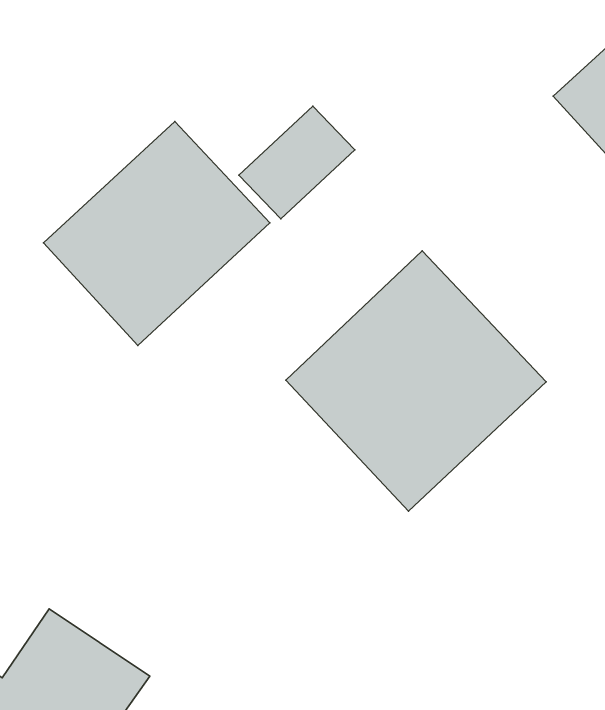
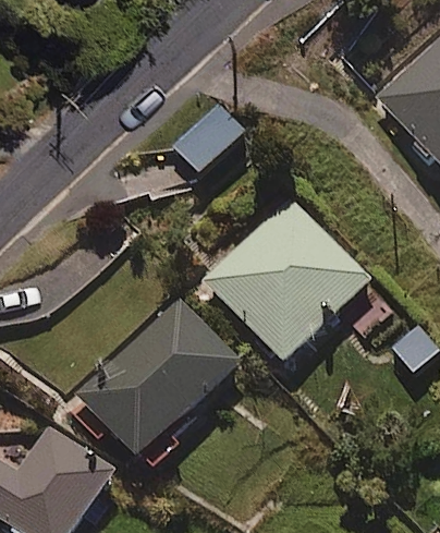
building: [43,121,270,346] -> none
building: none -> [74,298,239,458]

